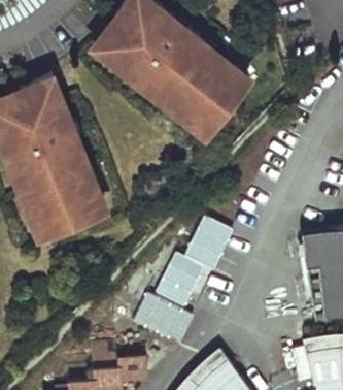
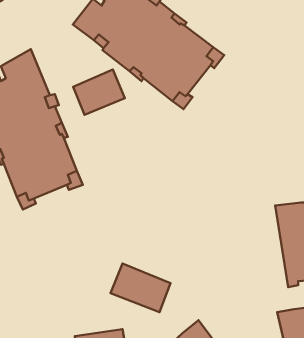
building: none -> [73,69,125,115]
building: [152,217,233,308] -> none

